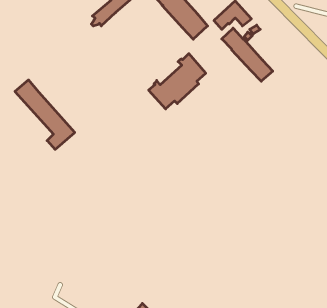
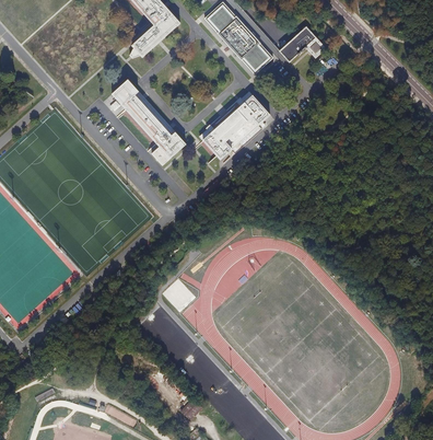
building: [222,28,273,81] -> none
building: [15,80,75,149] -> [112,79,185,164]

